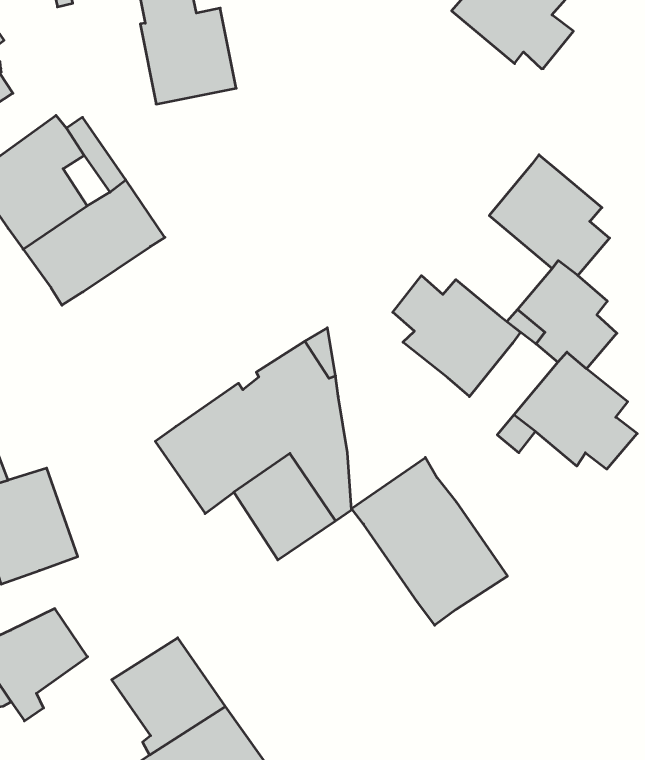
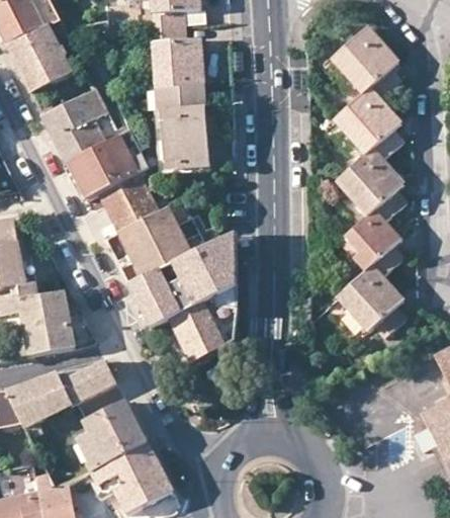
building: none -> [335,87,402,160]
building: none -> [154,86,208,169]
building: none -> [97,171,192,277]
building: [393,276,520,397] -> none
building: [351,457,507,625] -> none
building: none -> [57,357,116,404]

